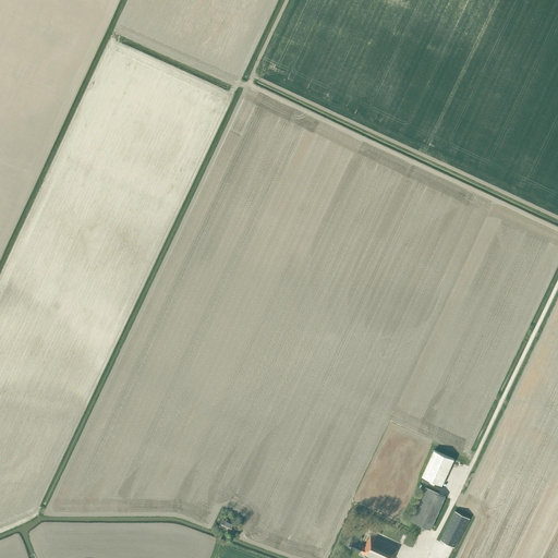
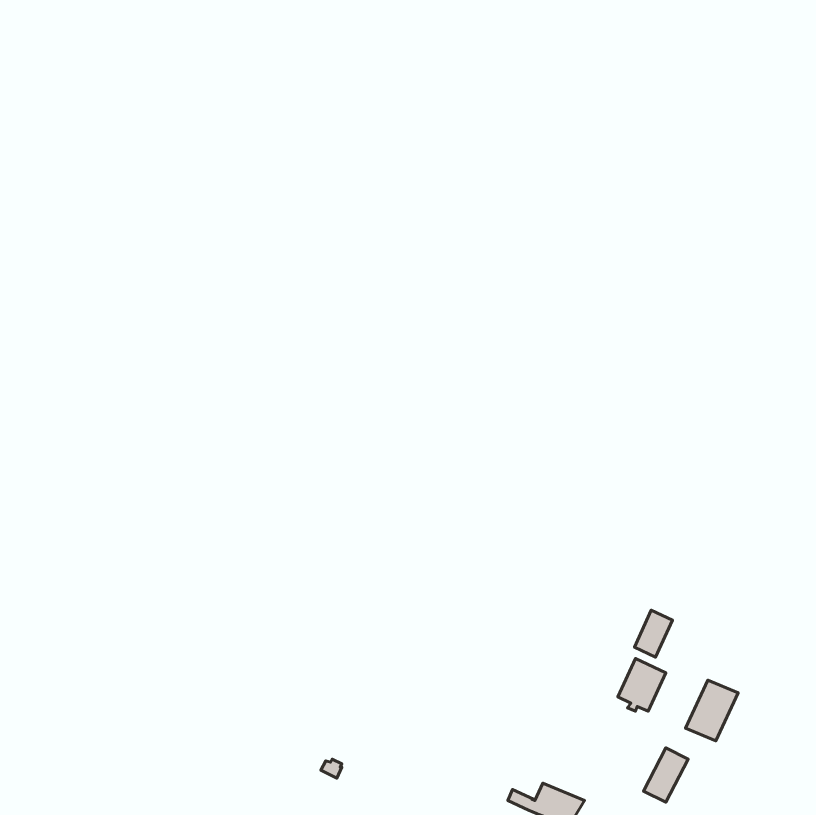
building: none -> [634,610,672,657]
building: [410,488,446,530] -> [686,680,738,741]

